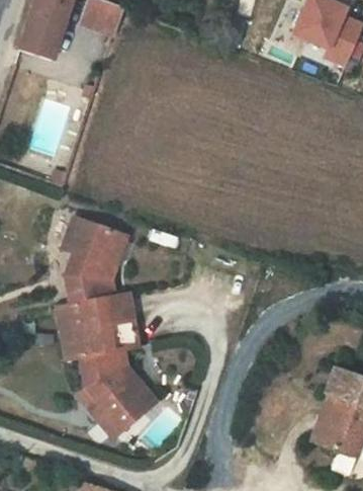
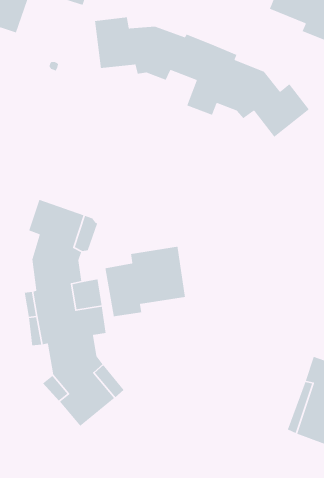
building: none -> [94,17,310,138]
building: none -> [105,246,186,317]

